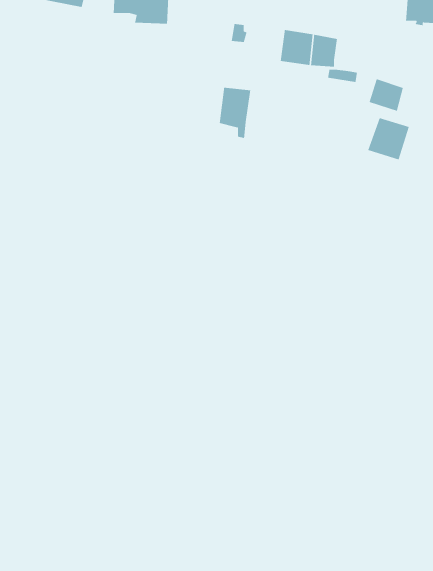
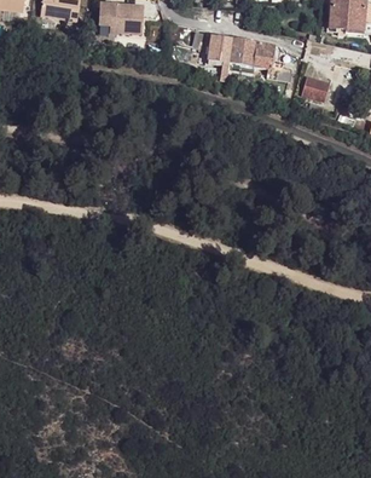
building: [219,87,251,139] -> [208,34,233,75]
building: [367,117,410,160] -> none

